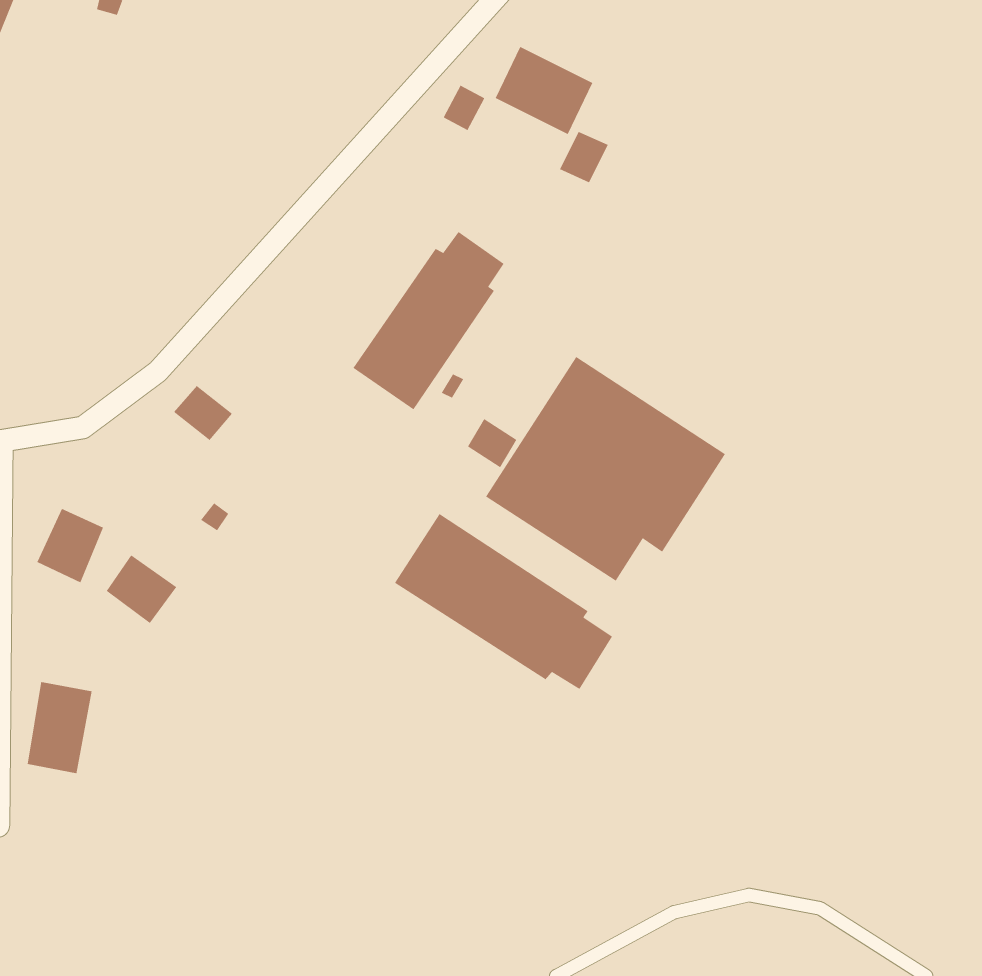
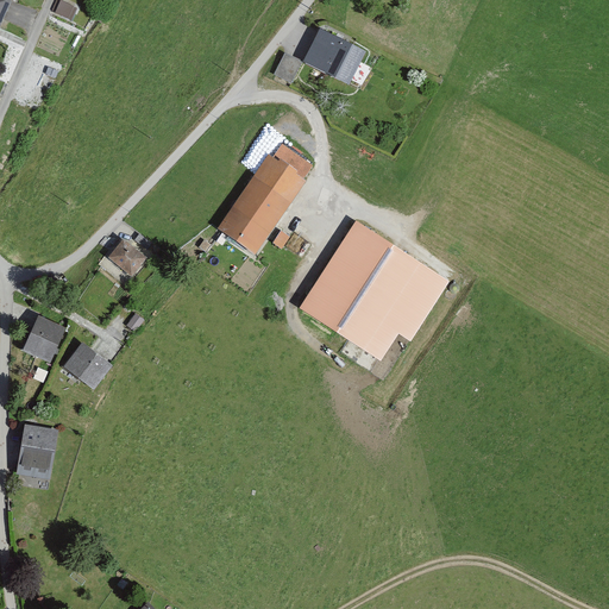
building: [559,131,608,183] -> none
building: [467,418,517,468] -> none
building: [394,513,613,690] -> none

